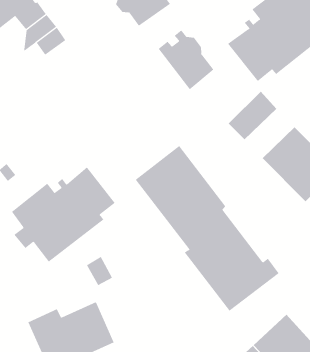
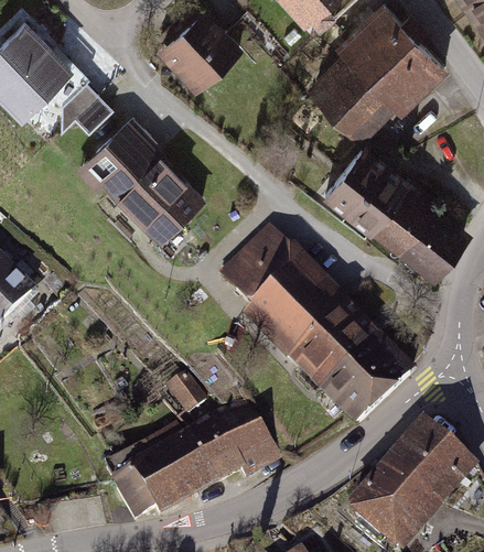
building: [158,30,214,90] -> none
building: none -> [80,118,198,234]
building: none -> [349,164,410,228]
building: [11,166,115,262] -> none
building: none -> [189,402,281,479]

